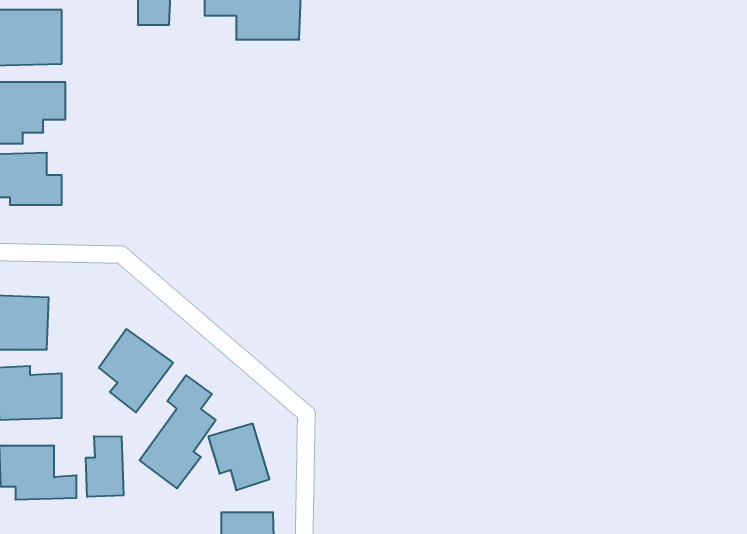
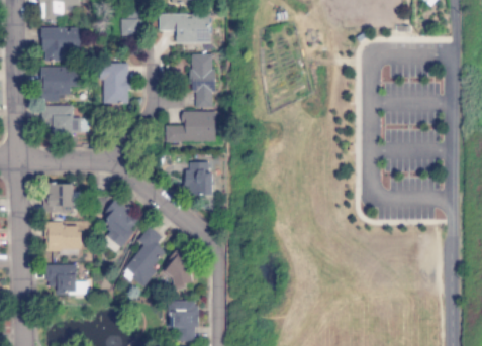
building: none -> [191,54,213,107]
building: none -> [99,63,128,103]
building: none -> [165,111,215,141]
building: none -> [185,161,211,195]
building: [86,436,123,497] -> none

